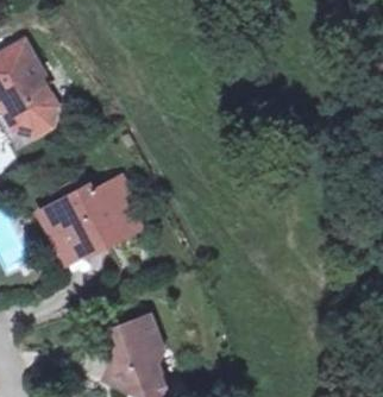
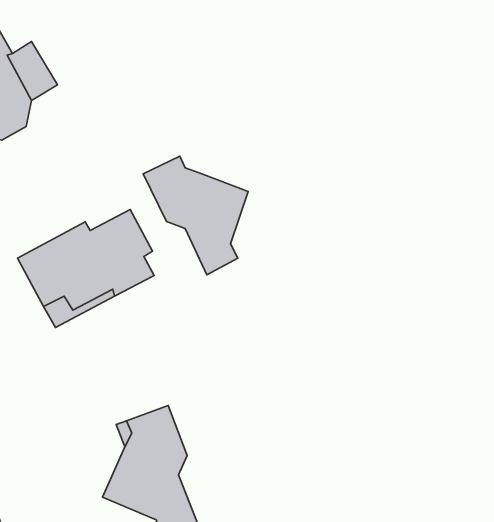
building: none -> [143,156,248,275]

